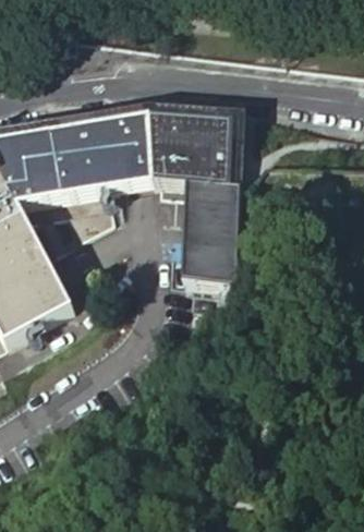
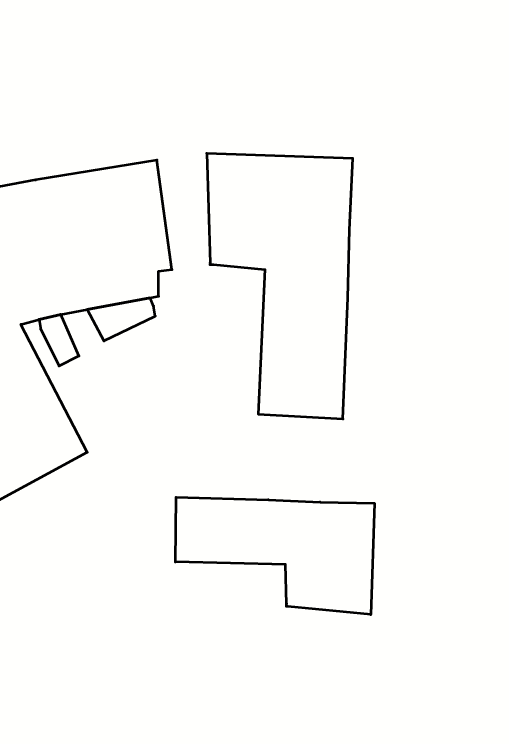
building: [116,109,150,185] -> none
building: none -> [175,497,374,615]

